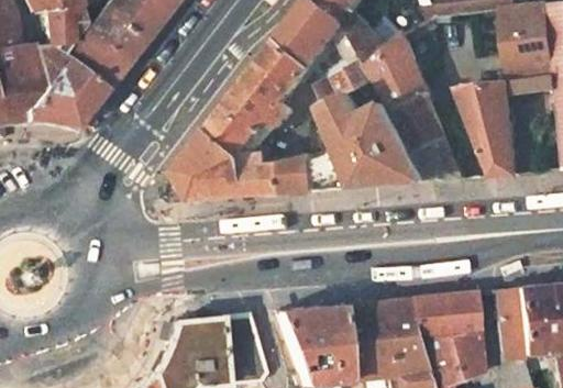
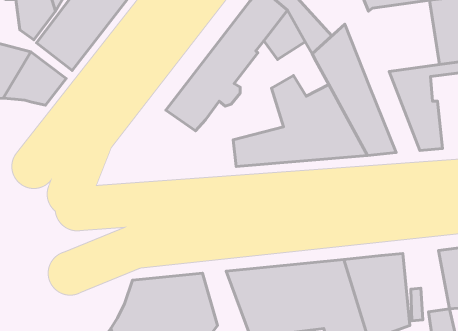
building: [318,56,374,108] -> none
building: [175,132,285,202] -> none
building: [490,288,522,356] -> none

